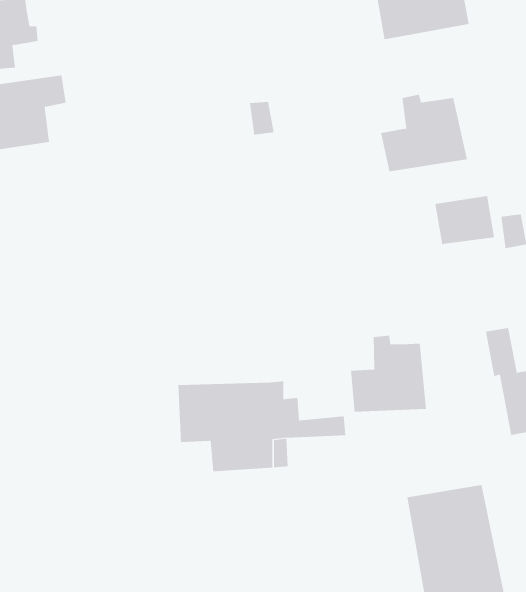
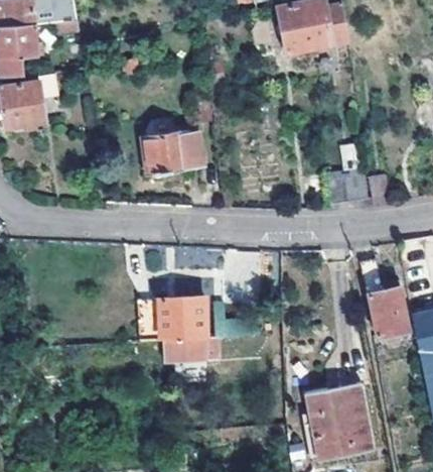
building: [381,94,467,172] -> none
building: none -> [140,128,200,173]
building: [350,335,426,412] -> none

